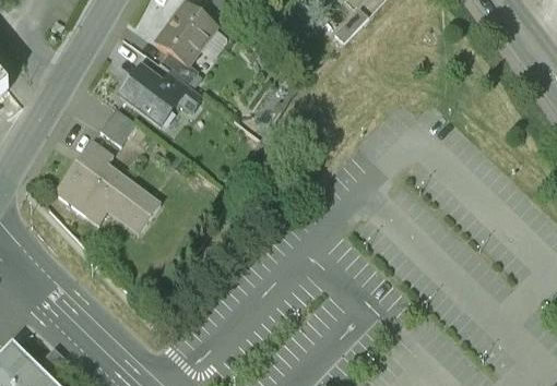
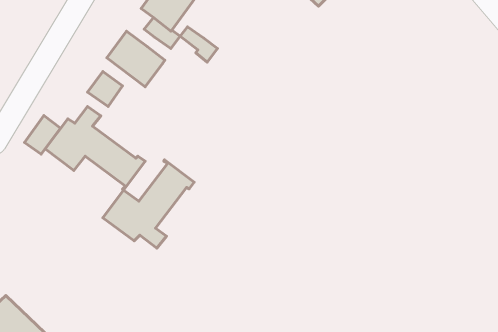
building: [163,72,202,109] -> [180,27,217,62]
building: none -> [24,116,61,154]
building: none -> [103,160,194,248]

